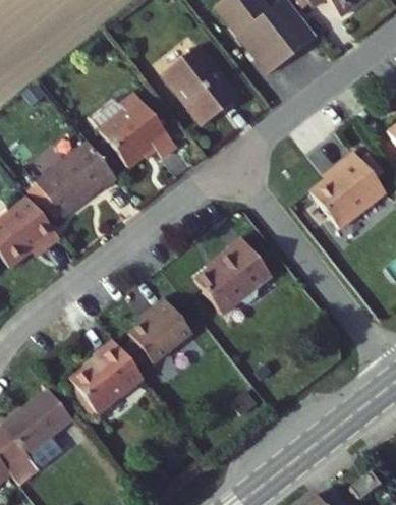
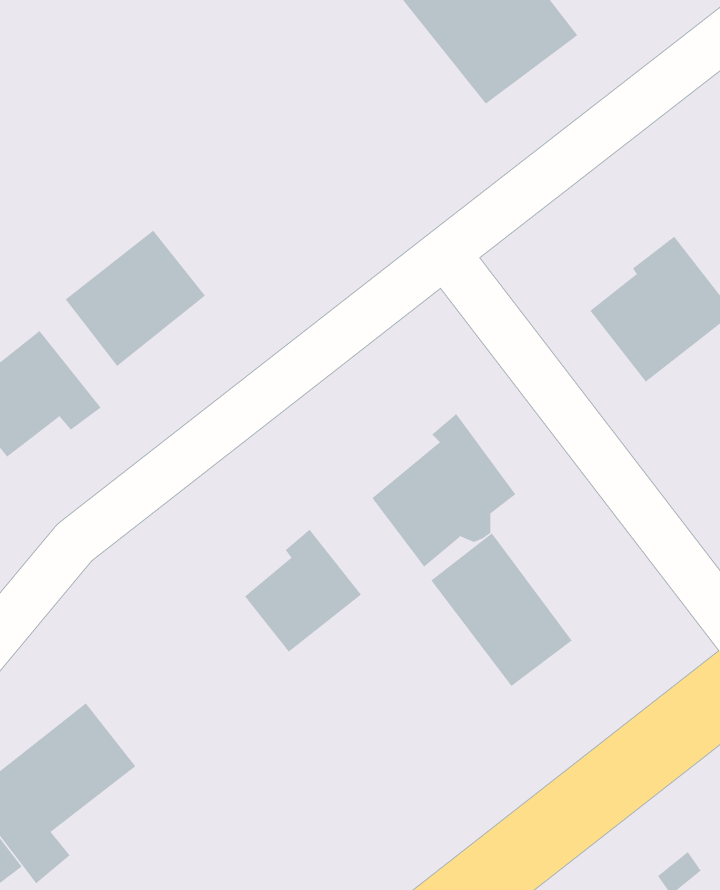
building: [163,48,242,132] -> none
building: [97,92,174,163] -> none
building: none -> [431,532,572,687]
building: [72,341,146,415] -> none

